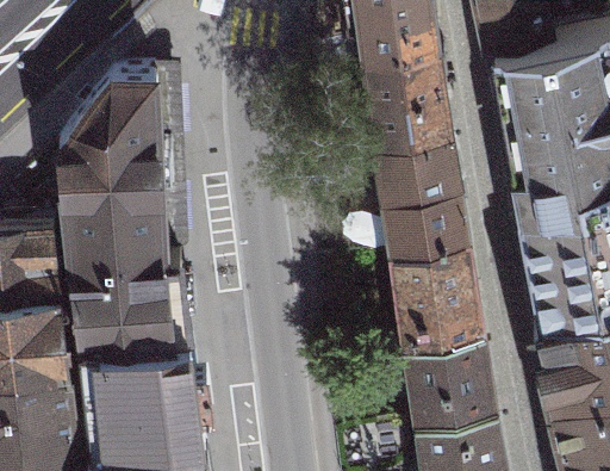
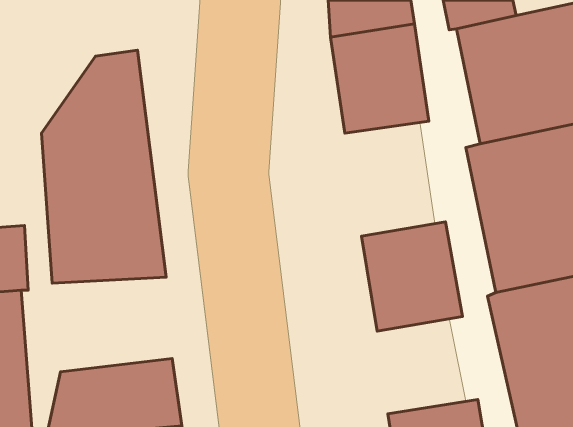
building: [368,130,468,244] -> none
building: [77,285,197,379] -> none
building: [400,324,500,421] -> none

